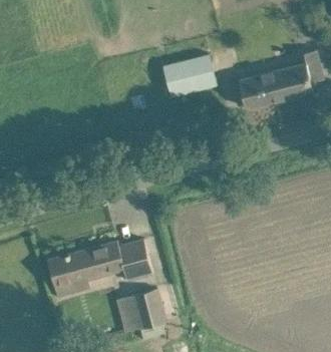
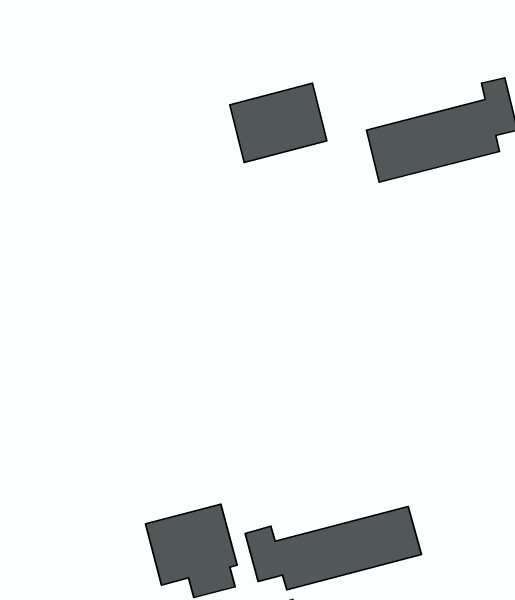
building: [48,240,153,305] -> none
building: none -> [245,507,422,590]

